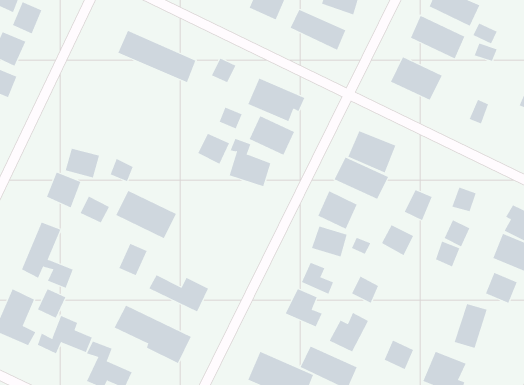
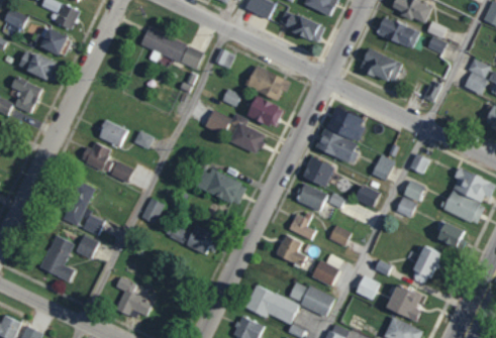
building: [115,190,177,239] -> [197,166,246,206]
building: [114,305,192,364] -> none
building: [37,315,92,354] -> none

